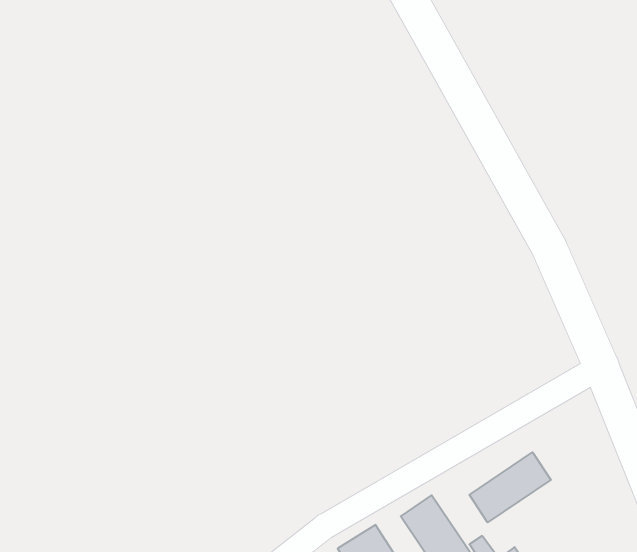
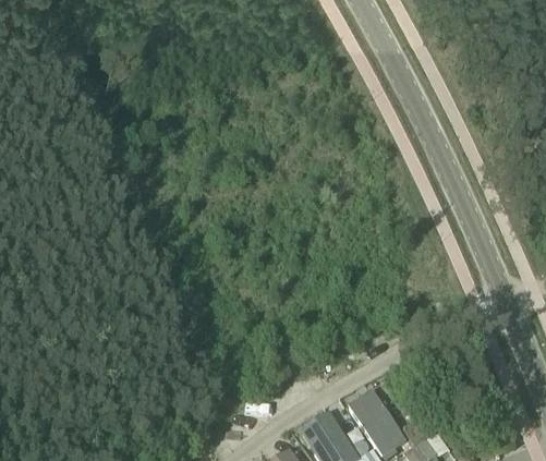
building: [469,452,551,522] -> none

